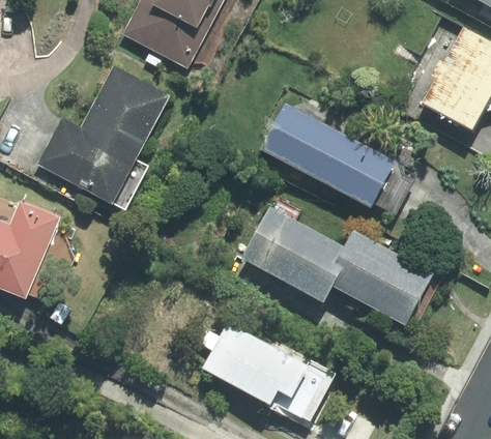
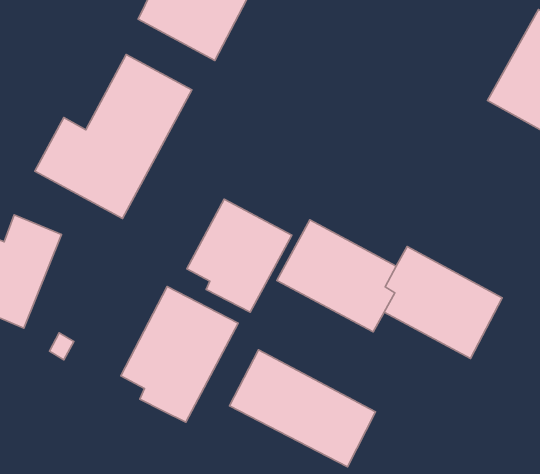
building: [261,104,413,215] -> none
building: none -> [187,199,292,312]
building: none -> [121,286,238,422]

